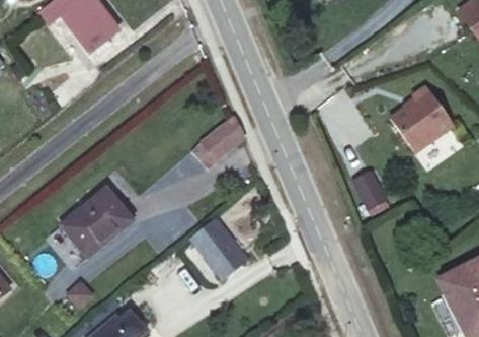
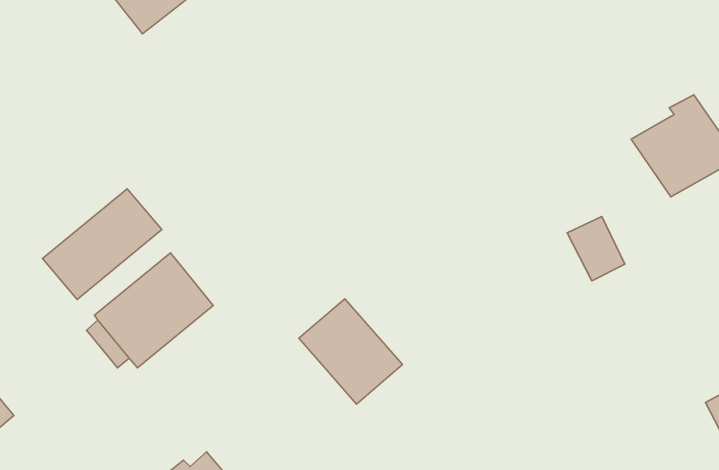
building: [192,117,244,166] -> none
building: none -> [42,189,162,300]

